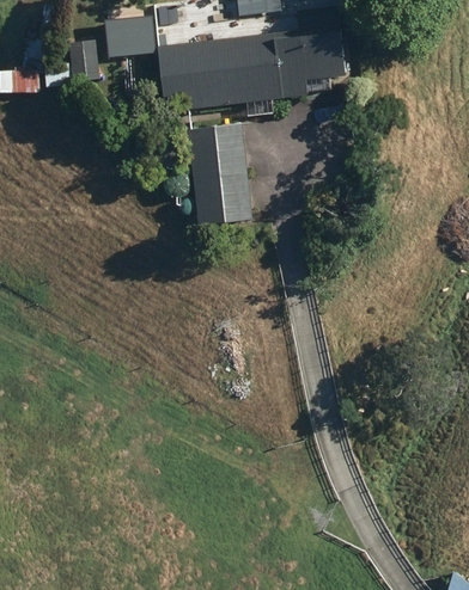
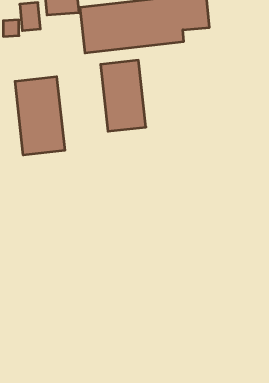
building: none -> [15,77,65,155]

